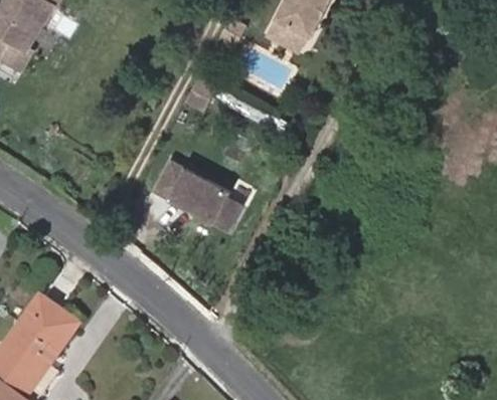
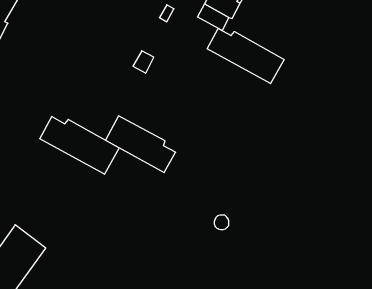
building: none -> [207,28,284,84]
building: none -> [40,116,119,174]

